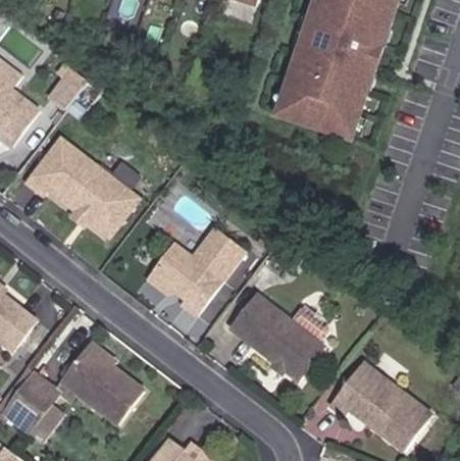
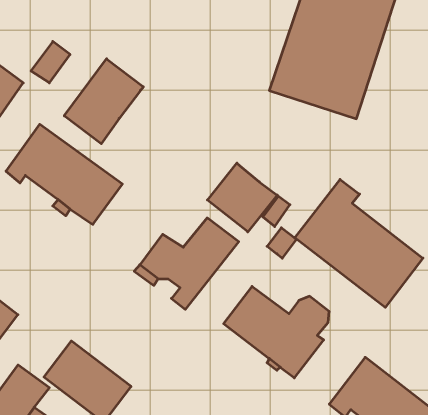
building: none -> [64,59,143,144]
building: none -> [207,163,277,232]
building: none -> [295,179,423,307]

